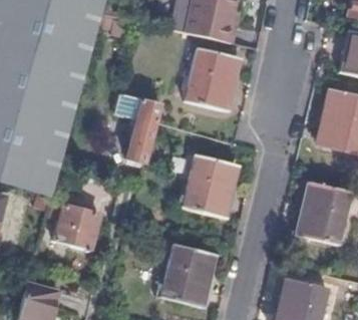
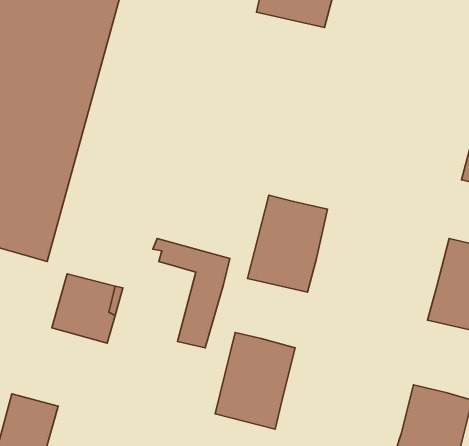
building: [186,47,237,109] -> none
building: [111,89,161,161] -> [153,238,230,348]

